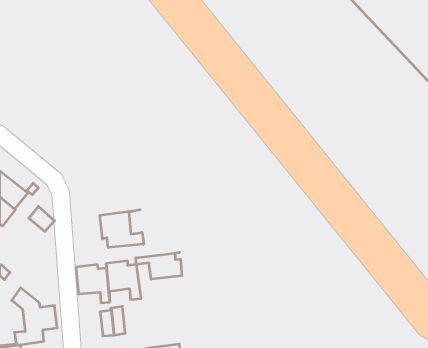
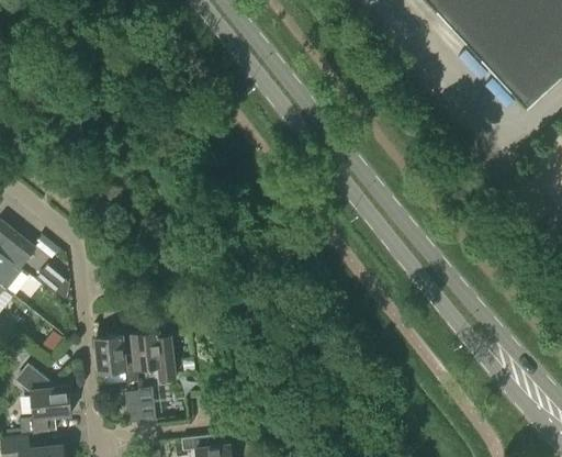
building: [100,210,144,248] -> none
building: [136,252,182,279] -> none

